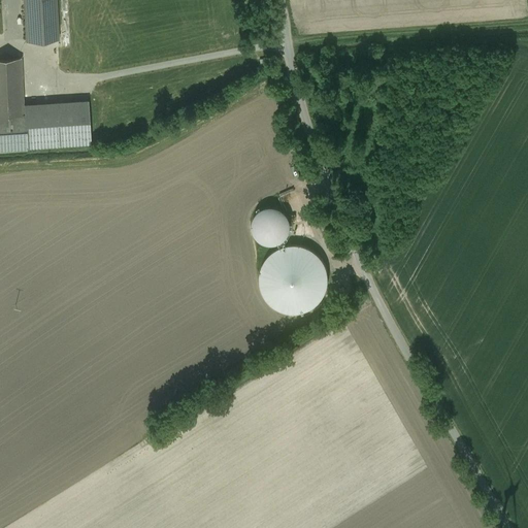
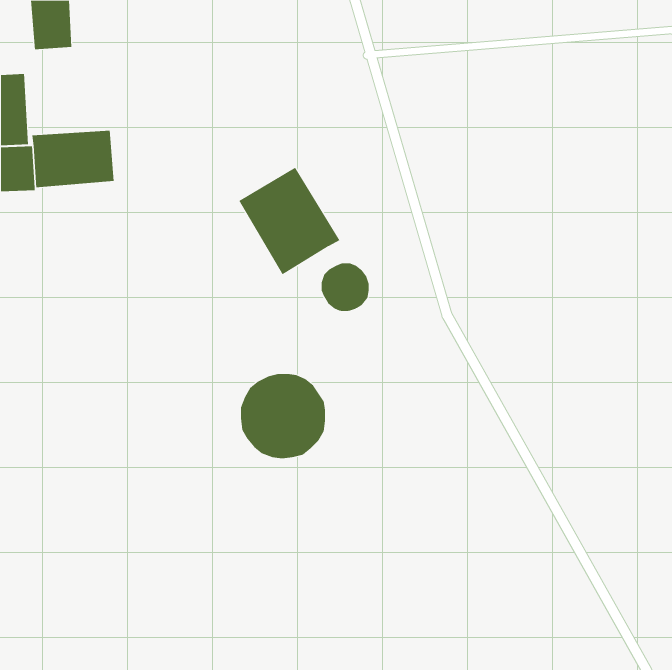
building: none -> [239,167,340,275]
building: [260,246,327,314] -> [240,373,326,459]

